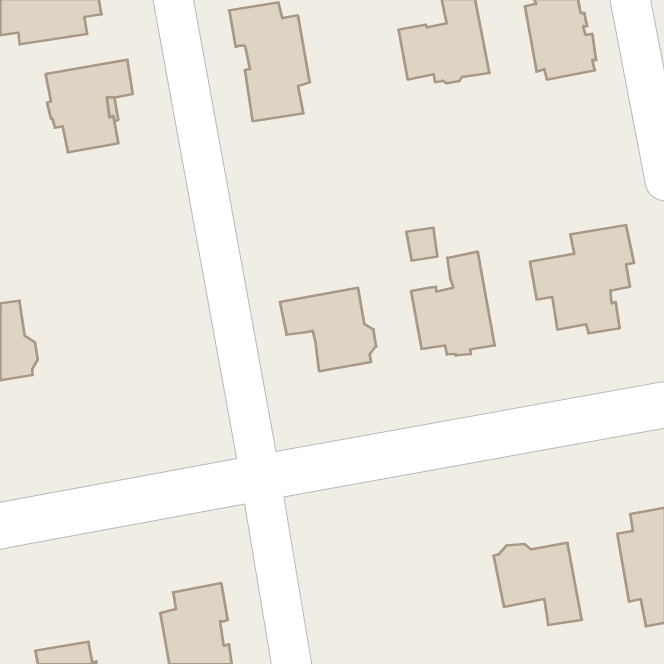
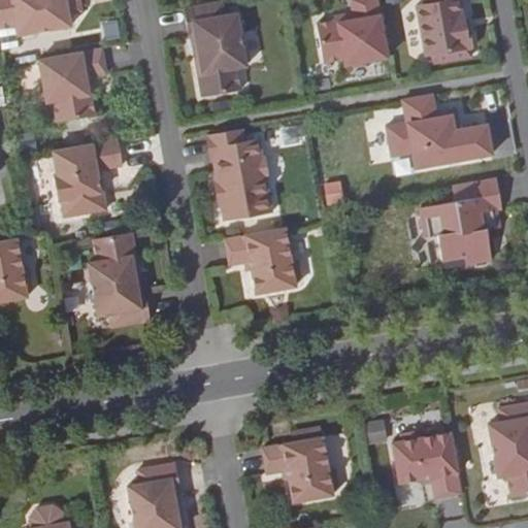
building: none -> [387,94,493,168]
building: none -> [205,129,272,220]
building: none -> [51,138,123,218]
building: [411,252,495,356] -> none
building: none -> [87,232,148,328]
building: none -> [262,435,340,509]

